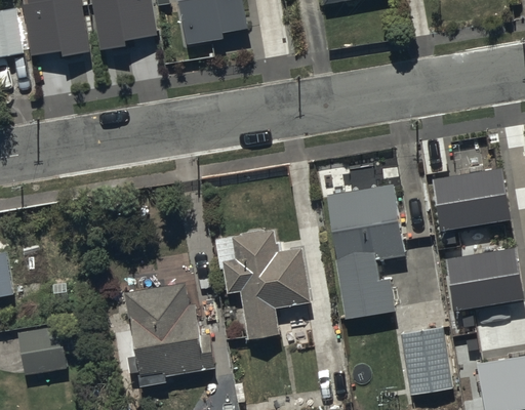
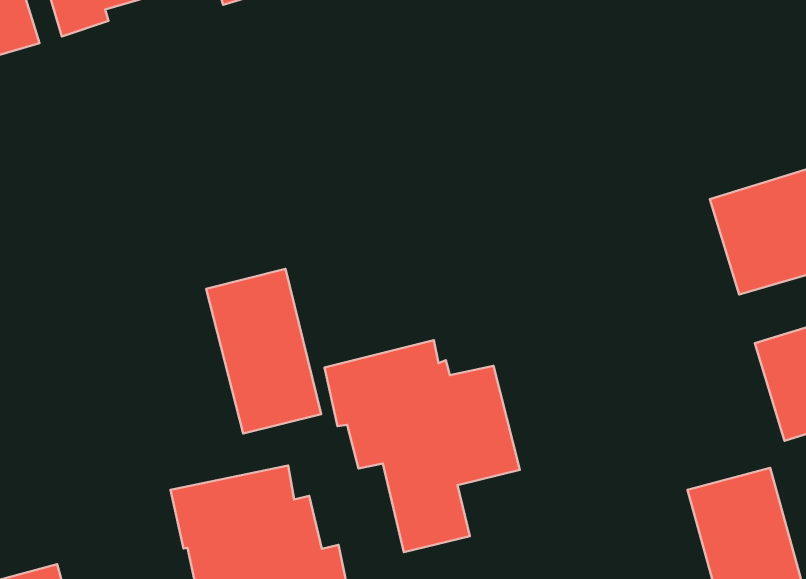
building: none -> [206,269,321,433]
building: [326,187,406,321] -> none

